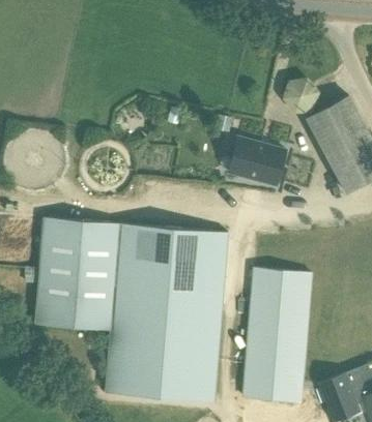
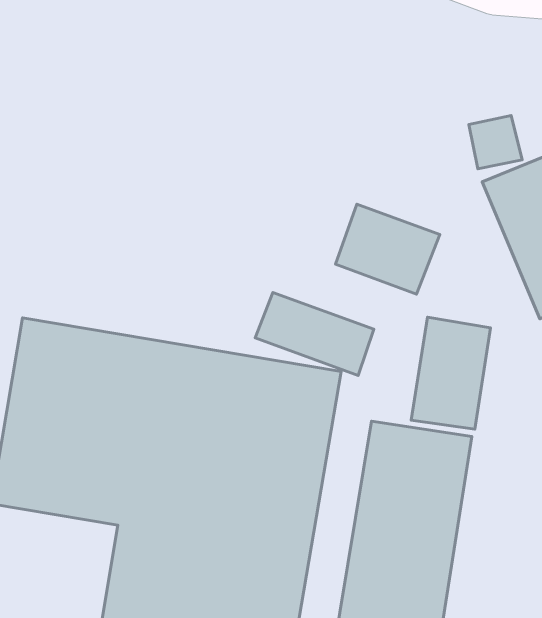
building: none -> [255,293,374,376]
building: none -> [411,317,490,429]

